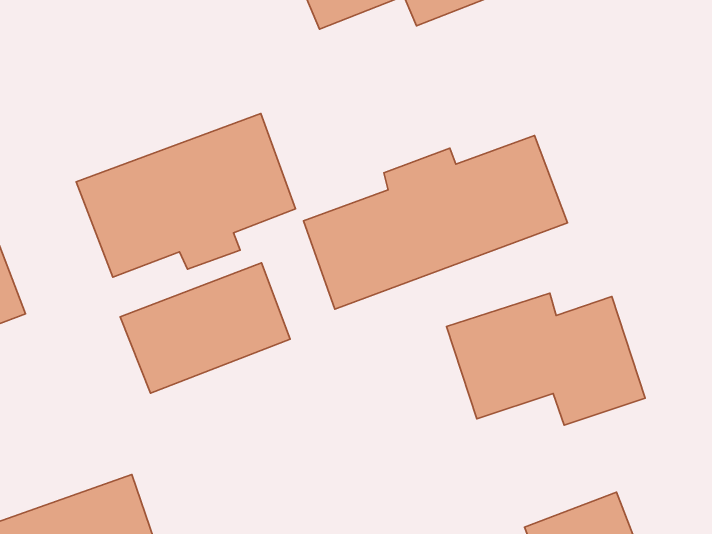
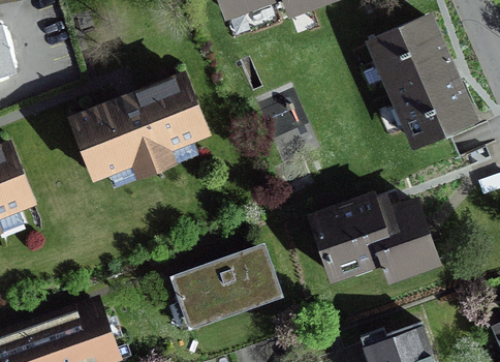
building: none -> [368,17,477,150]
building: [304,136,567,309] -> none
building: [120,263,290,393] -> [167,241,278,326]

